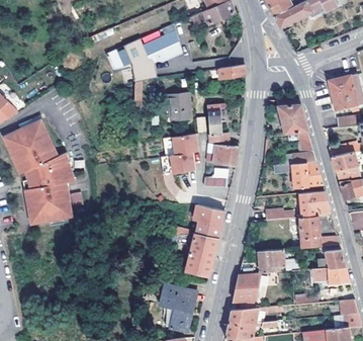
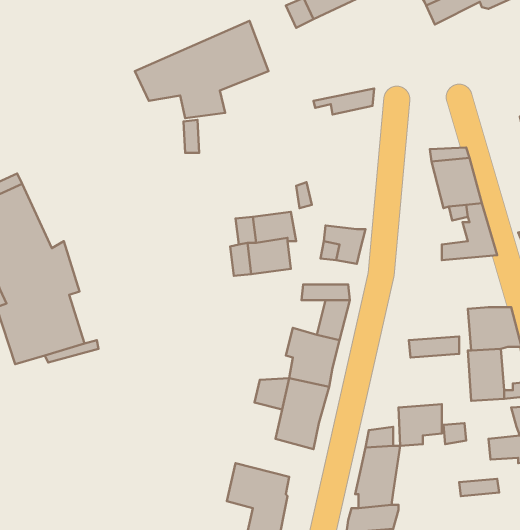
building: [167,94,194,123] -> none
building: [208,104,231,143] -> none
building: [292,162,324,188] -> none

